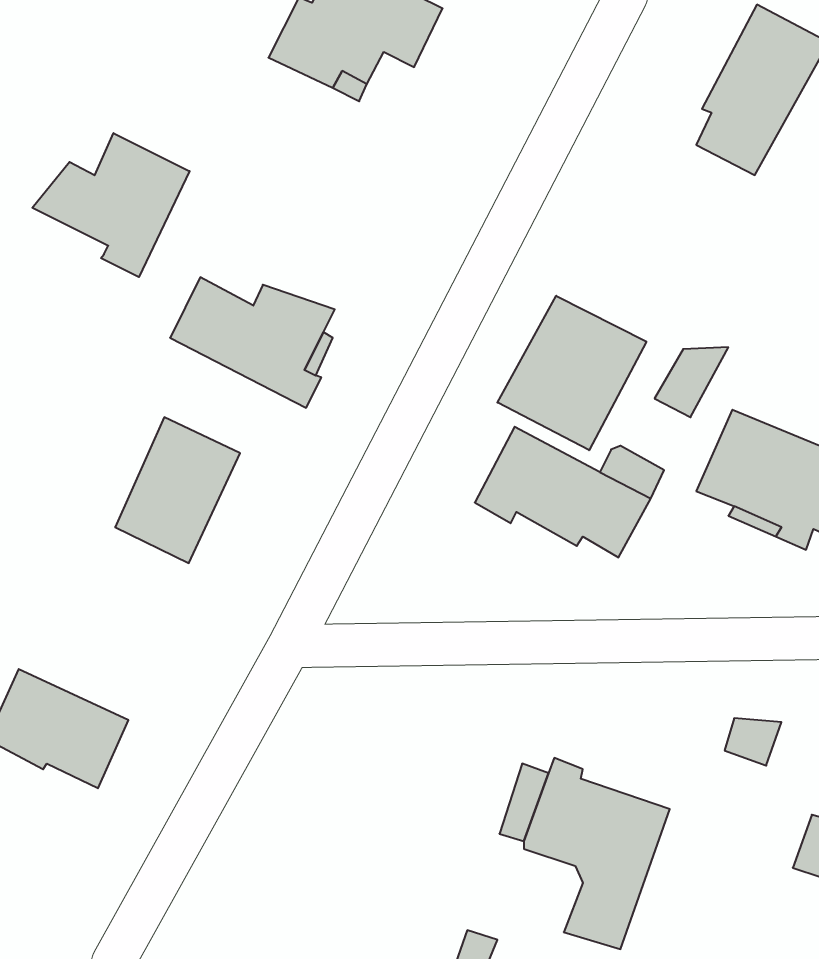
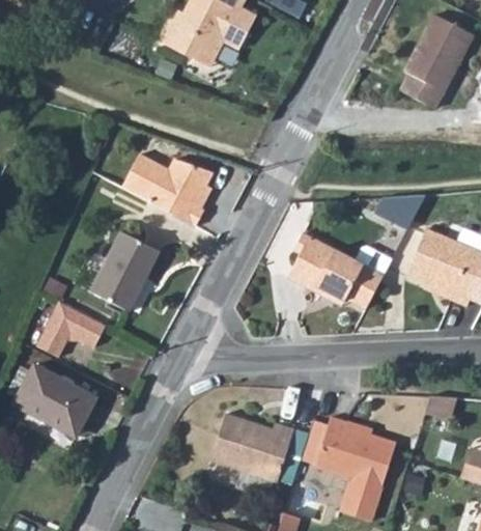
building: [32,133,190,277] -> none
building: [497,296,646,450] -> none
building: none -> [33,300,106,357]
building: none -> [210,410,294,480]

